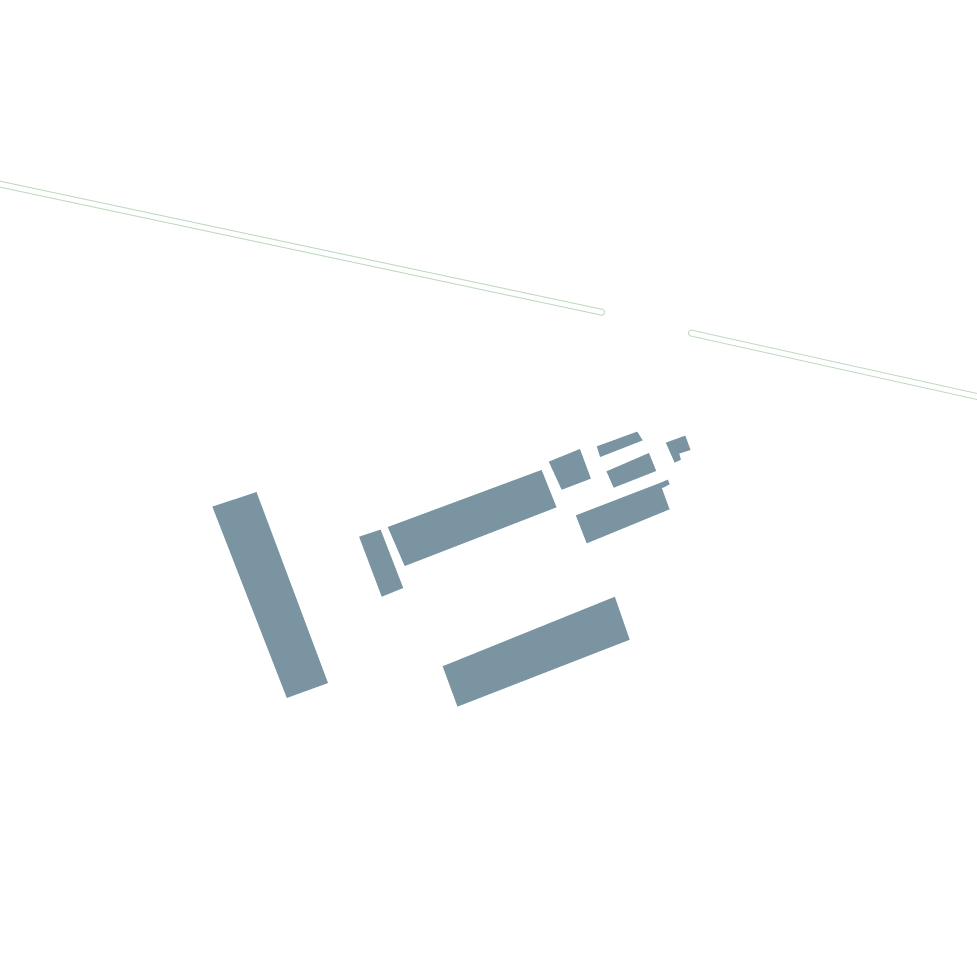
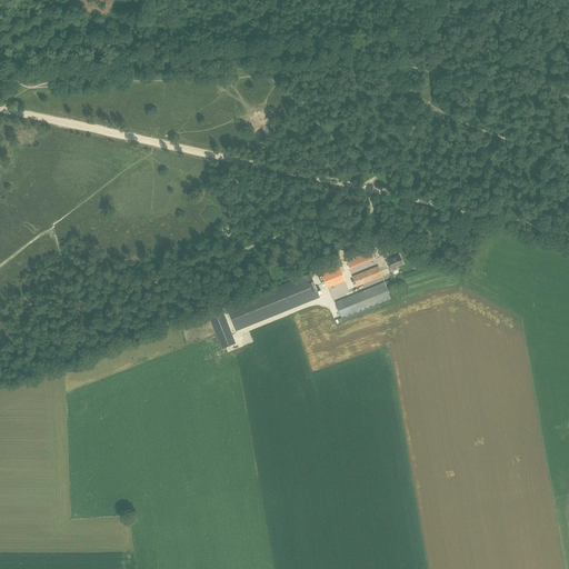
building: [211,491,329,699] -> none
building: [442,596,631,707] -> none

